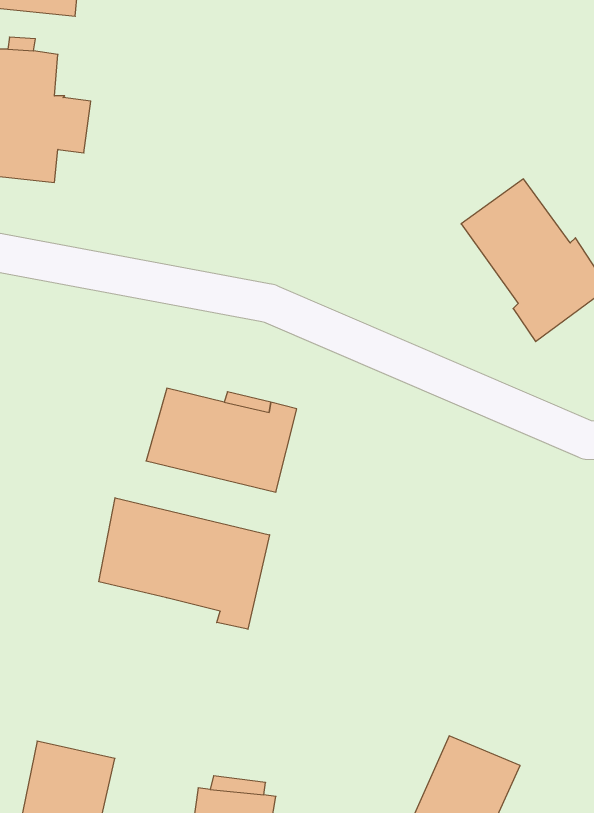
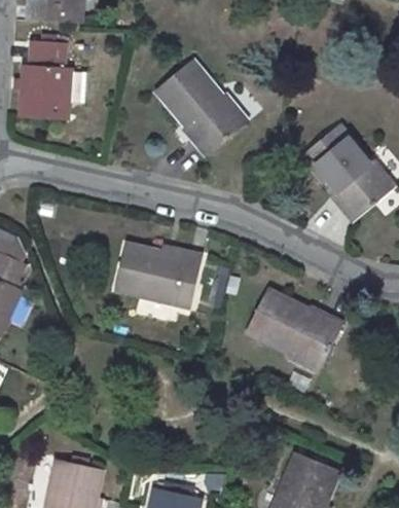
building: none -> [161,59,250,156]
building: none -> [251,285,349,371]
building: [99,498,270,629] -> none

